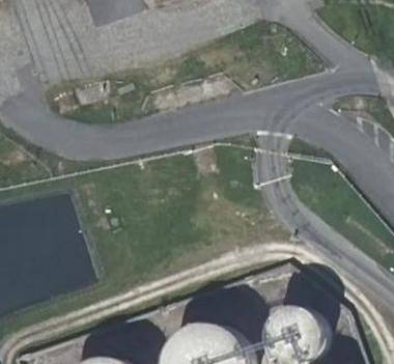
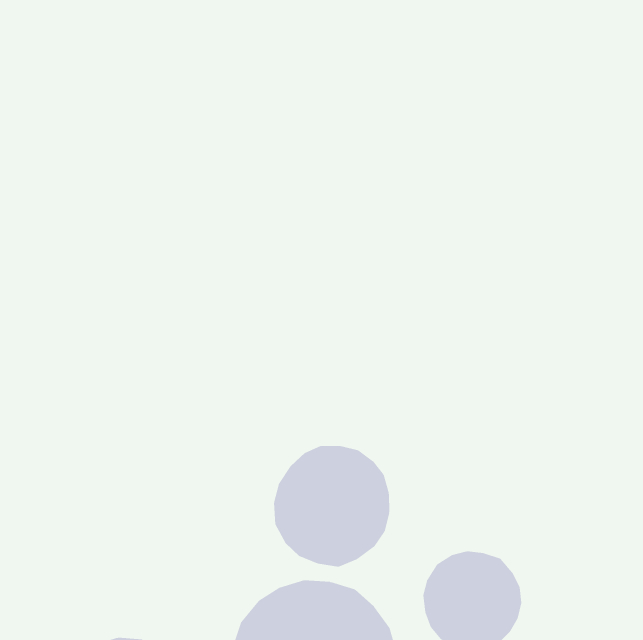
building: none -> [274,445,390,568]

